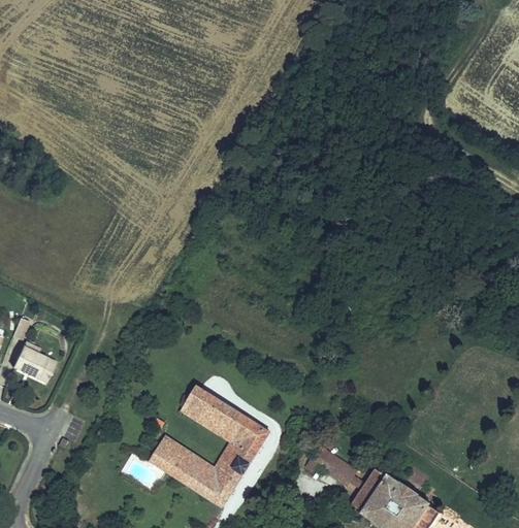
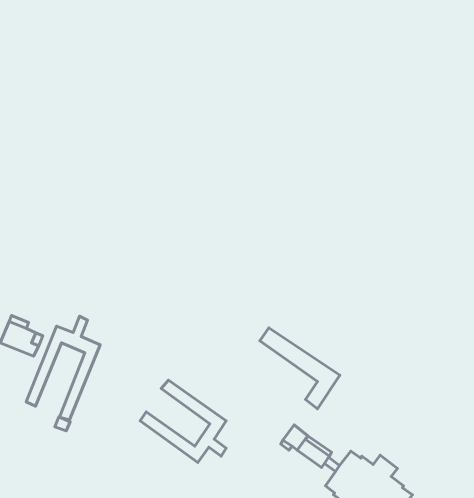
building: none -> [26,316,100,420]
building: [188,386,269,468] -> [260,328,340,409]
building: [149,440,241,506] -> none

